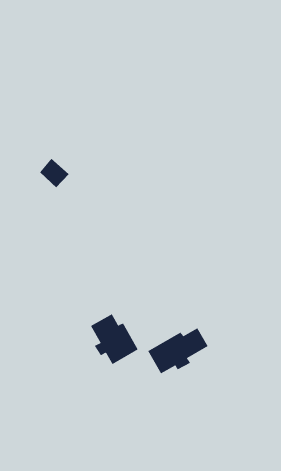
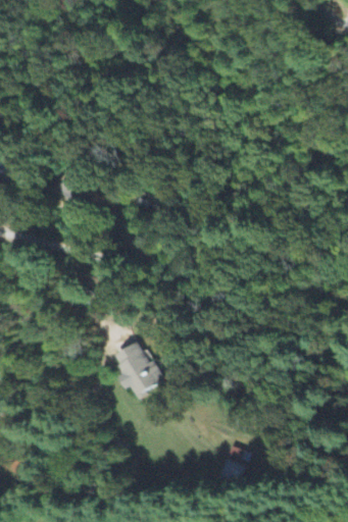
building: [148,327,209,374] -> none

